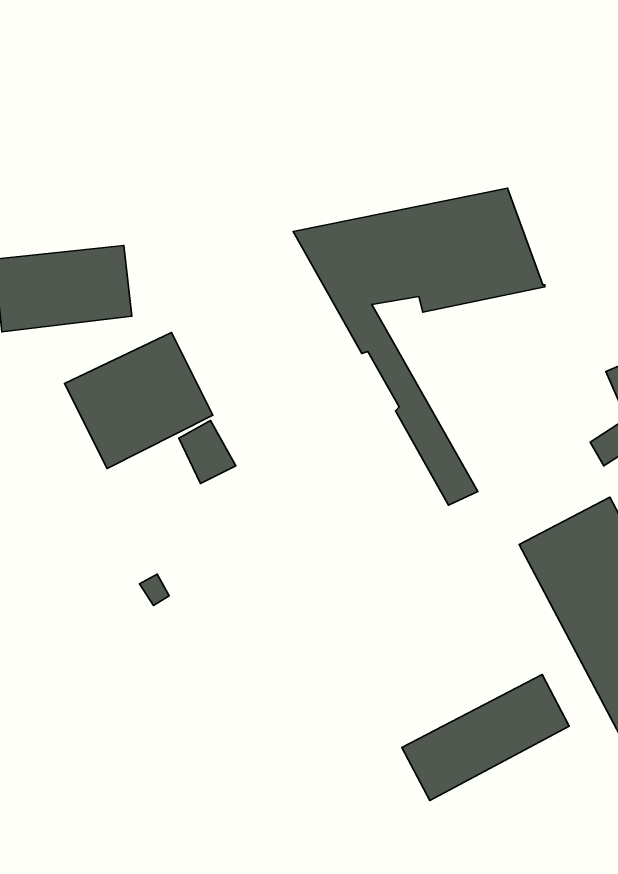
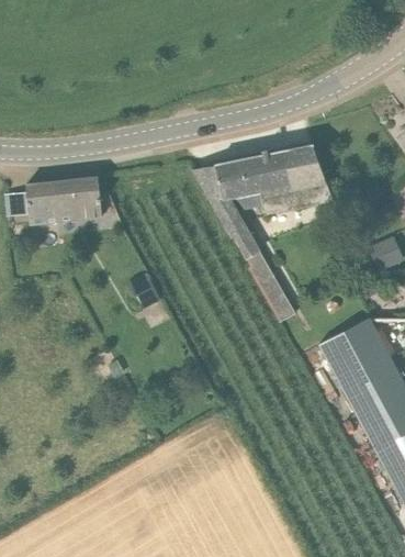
building: [65,333,213,469] -> none
building: [402,675,569,800] -> none

